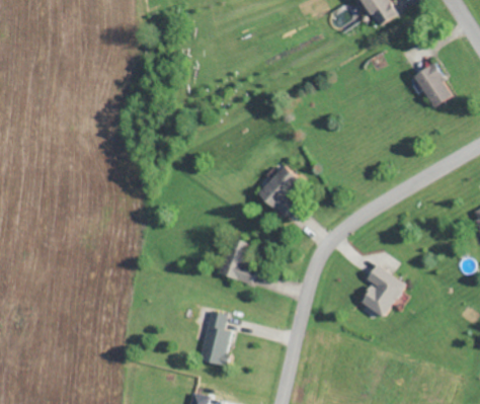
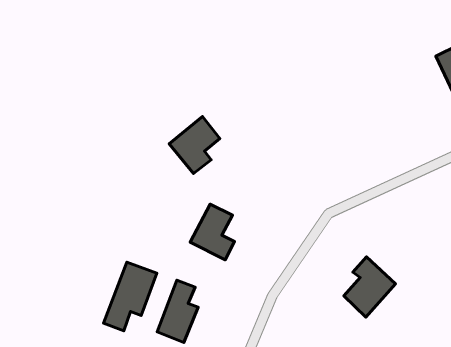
building: [257,165,302,217] -> [169,117,220,173]
building: none -> [104,262,157,331]

